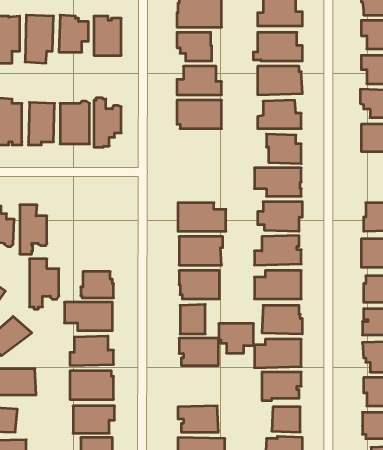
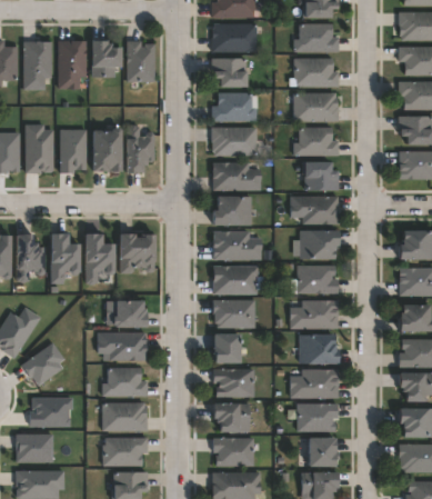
building: none -> [213,162,262,190]
building: none -> [214,197,252,226]
building: none -> [121,234,155,273]
building: [29,259,59,309] -> [86,234,115,286]
building: [219,324,254,353] -> [214,403,250,433]

